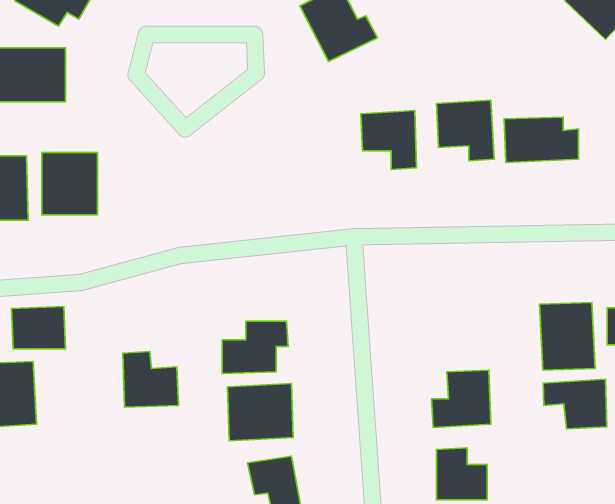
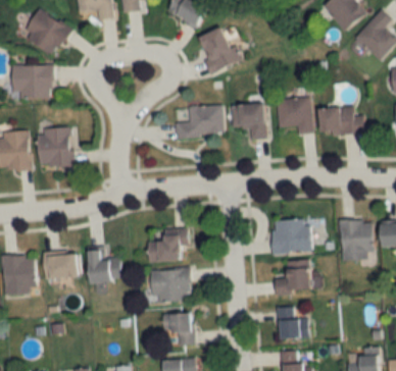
building: none -> [176,105,224,138]
building: none -> [271,219,310,253]
building: [11,307,65,349] -> [44,253,77,278]
building: [543,379,607,429] -> none

